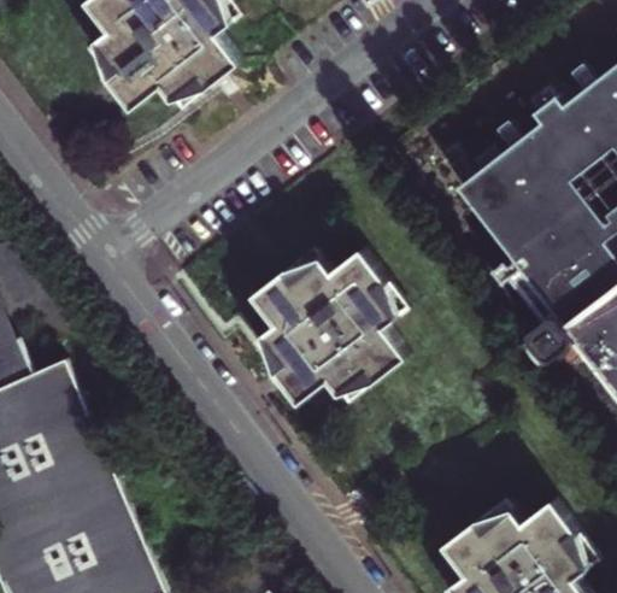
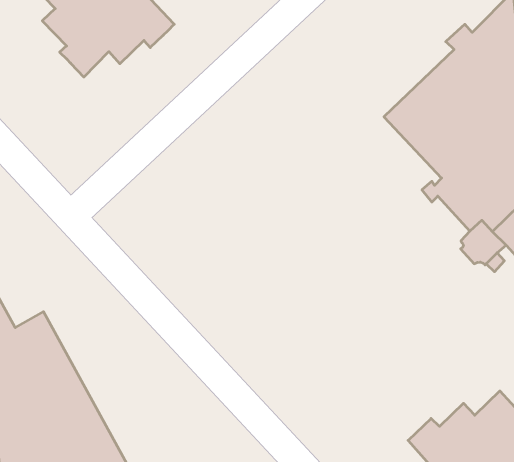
building: [253,251,404,403] -> none

